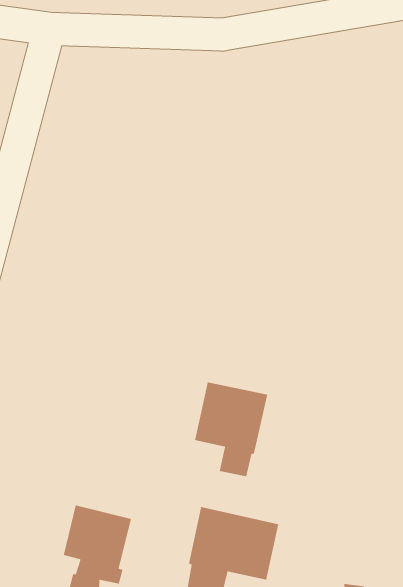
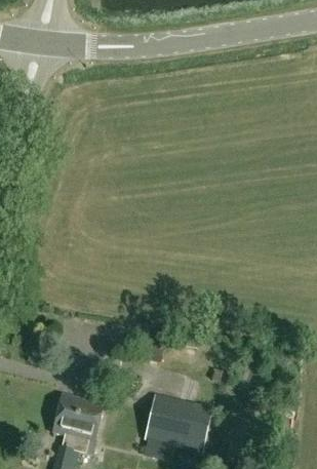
building: [194,382,268,477] -> none

